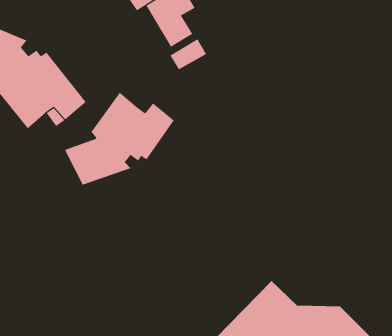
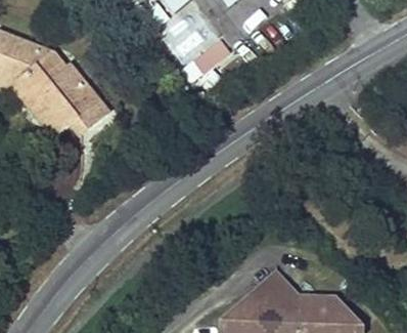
building: [64,92,174,185] -> none

